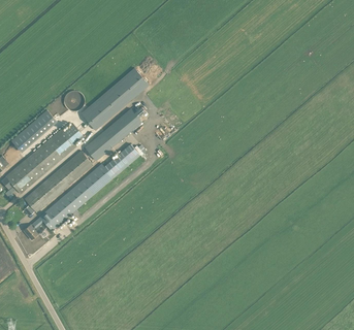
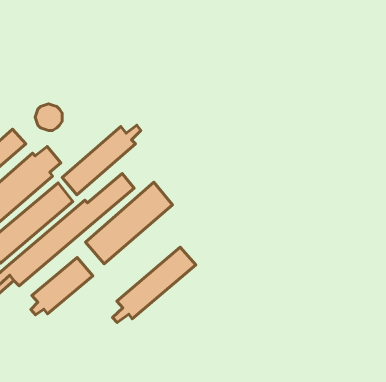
building: [79,68,147,131] -> [85,182,172,264]
building: none -> [112,247,196,323]
building: none -> [31,257,93,315]

